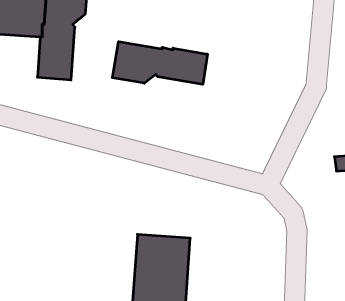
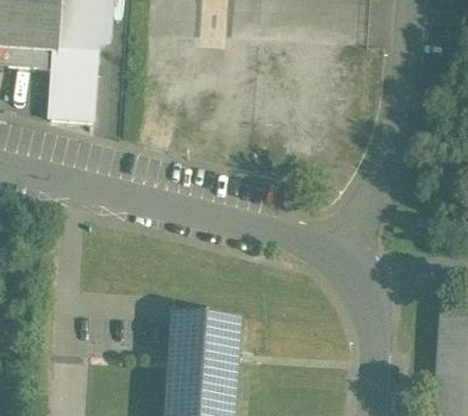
building: [112,42,207,84] -> none

